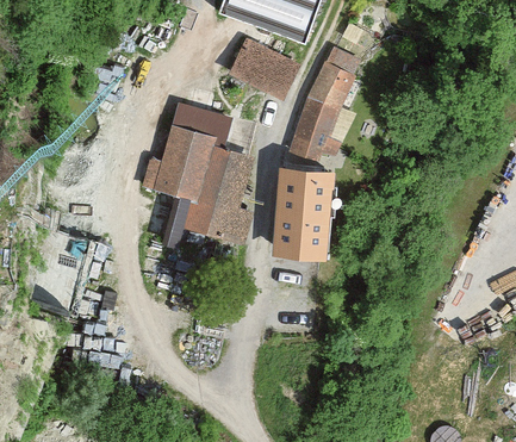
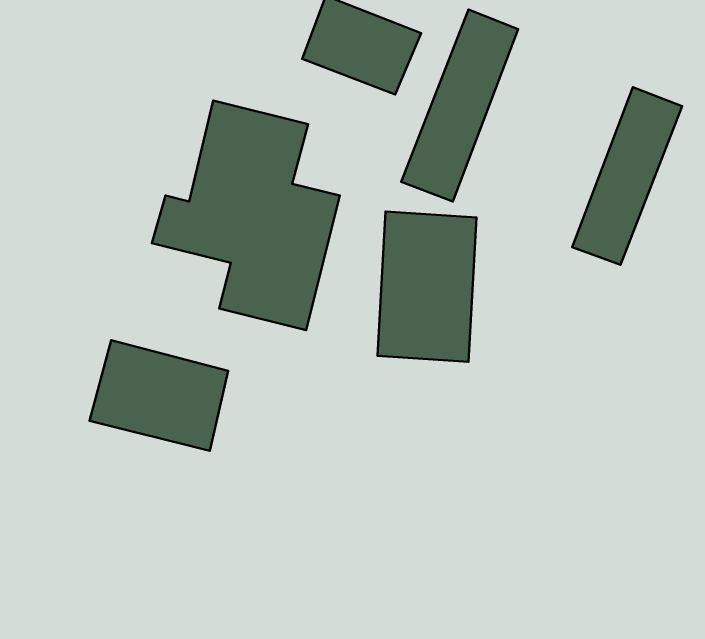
building: none -> [572,87,682,265]
building: none -> [89,340,228,451]

